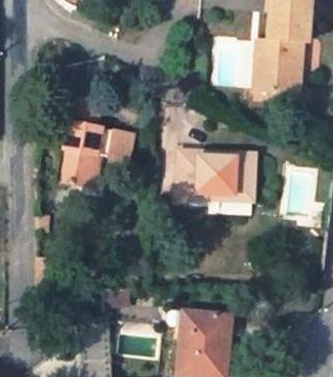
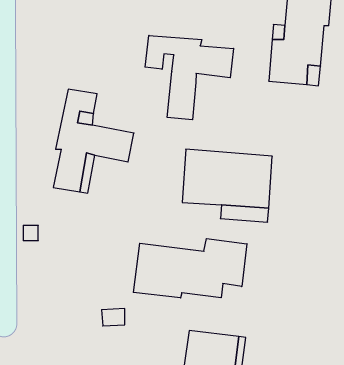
building: none -> [145,35,234,120]
building: none -> [133,239,247,298]

